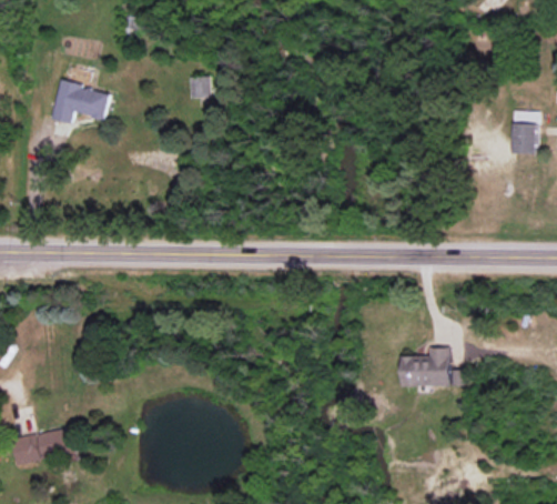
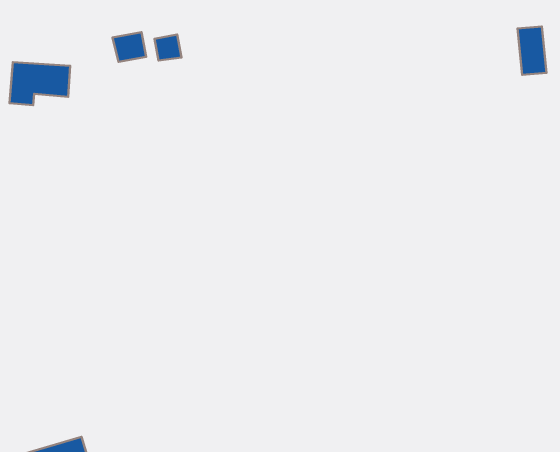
building: none -> [113,32,146,62]
building: [402,347,450,387] -> none

